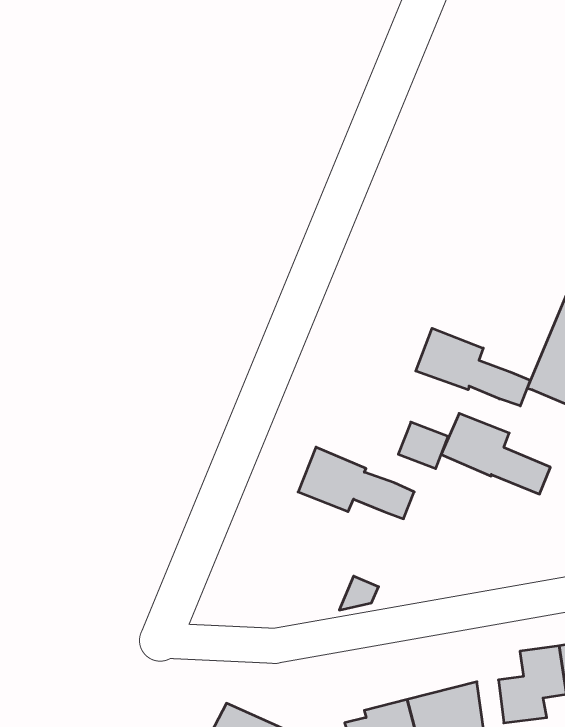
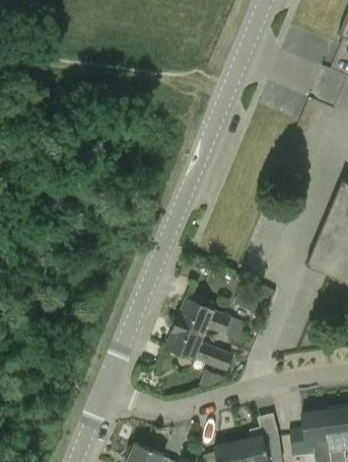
building: [416,328,530,406] -> none
building: [441,413,550,494] -> [166,324,228,370]

